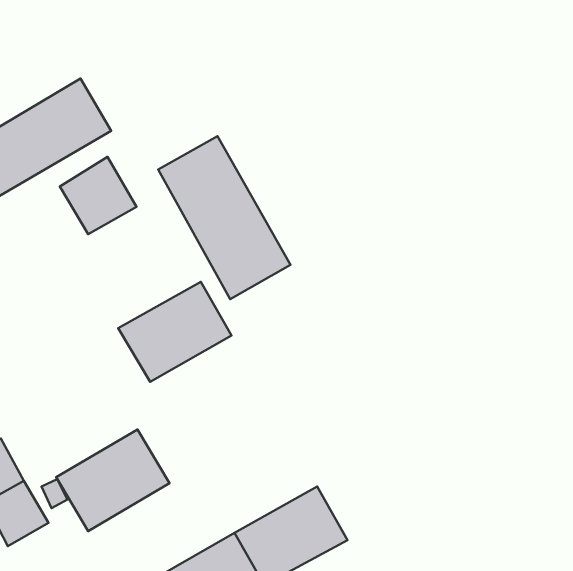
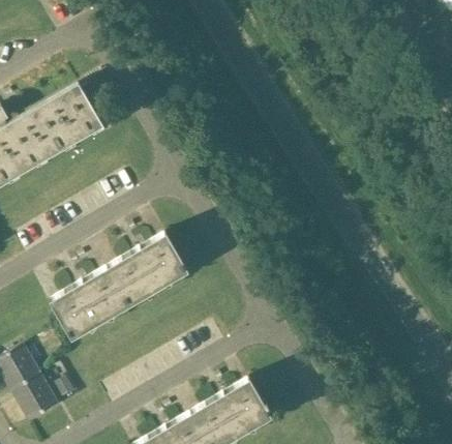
building: [158,136,291,299] -> none
building: [60,157,137,234] -> none
building: [56,429,169,531] -> [50,266,130,338]

